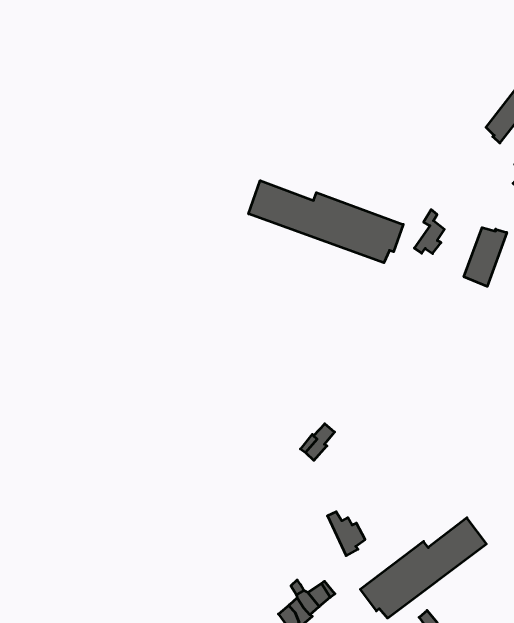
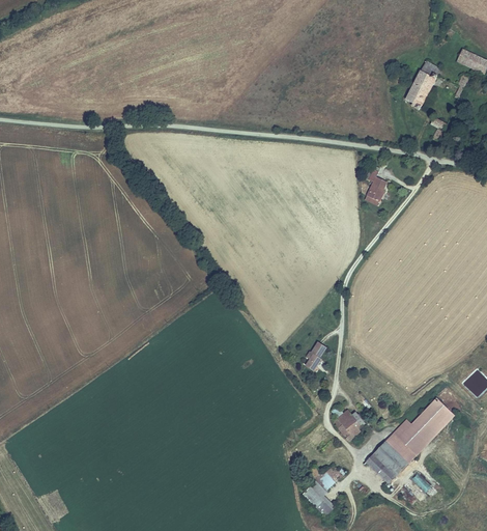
building: [249,181,403,263] -> none
building: [464,228,507,286] -> none

